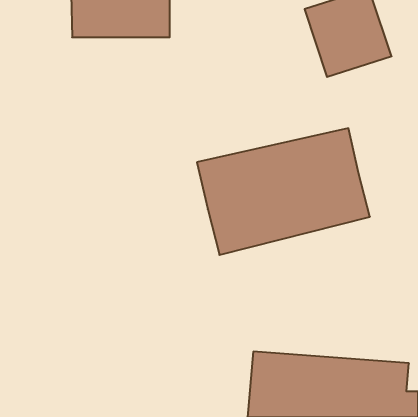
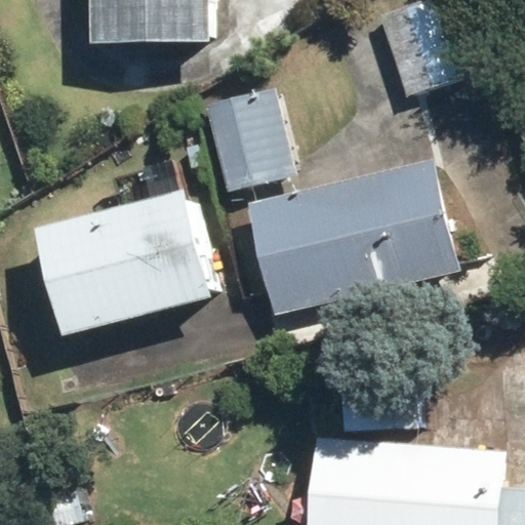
building: none -> [205,87,294,191]
building: none -> [35,192,218,338]

